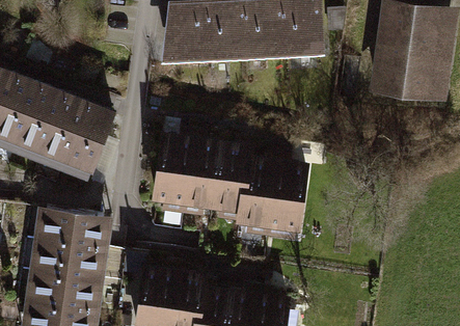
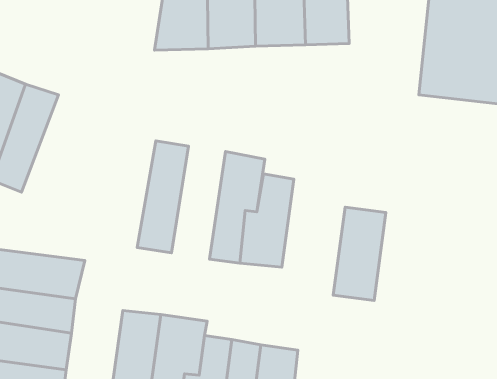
building: [62,93,116,179] -> none
building: [181,134,223,223] -> none
building: [268,160,309,234] -> [333,207,386,301]

